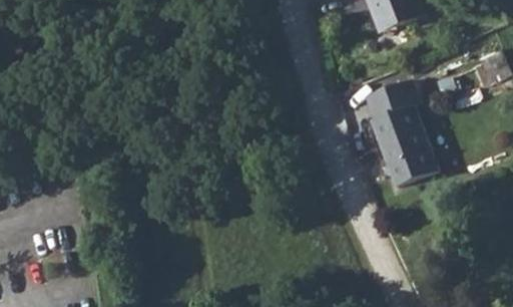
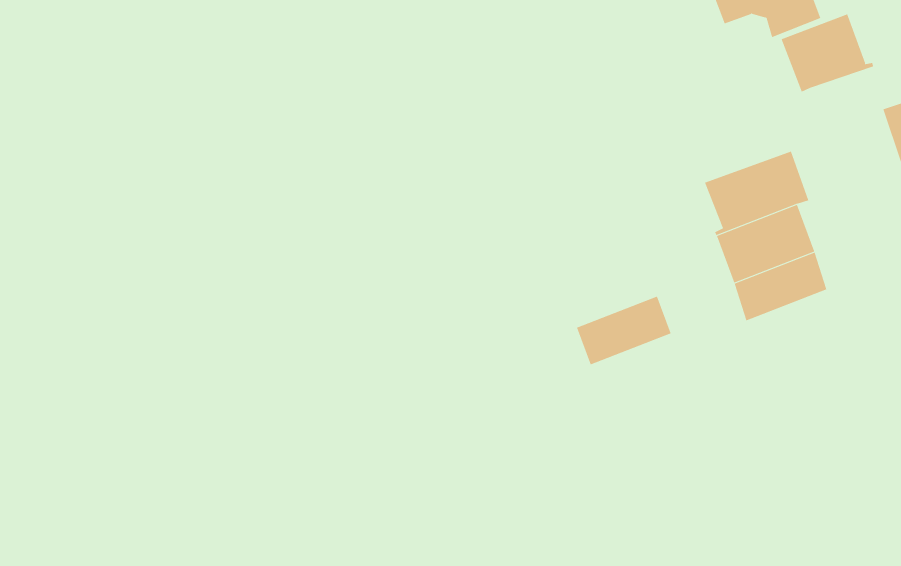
building: none -> [781,13,874,92]
building: [386,151,434,187] -> [576,296,671,365]

